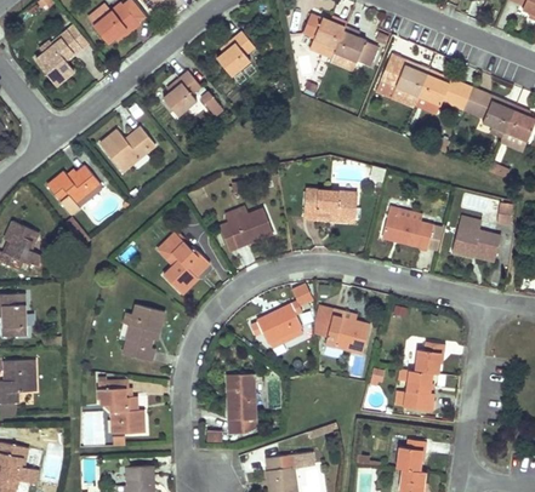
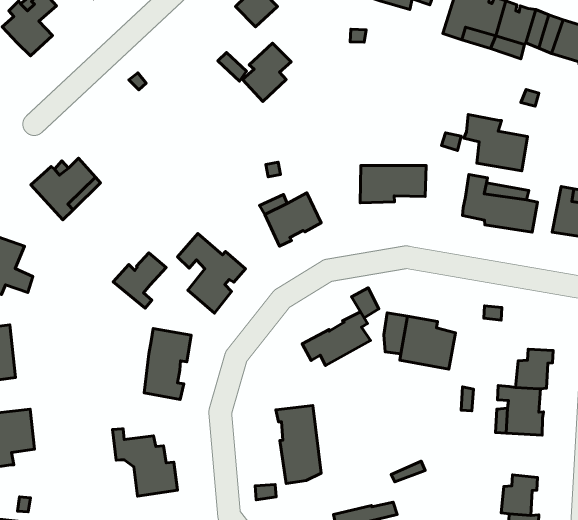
building: [163,71,201,116] -> [243,43,291,101]
building: [99,128,155,171] -> none
building: none -> [464,115,527,171]
building: none -> [113,253,166,308]

